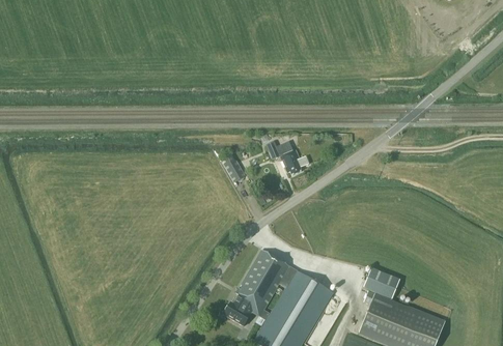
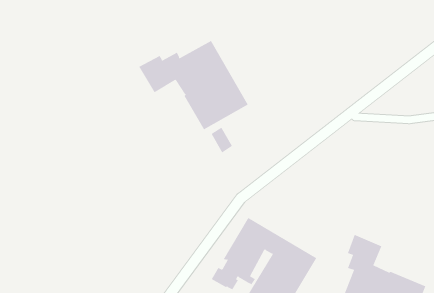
building: none -> [138,40,249,130]
building: [266,141,308,174] -> none

